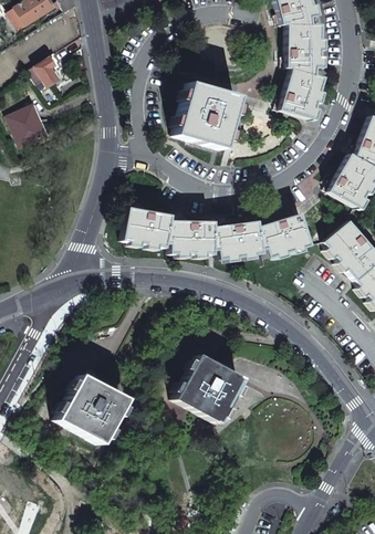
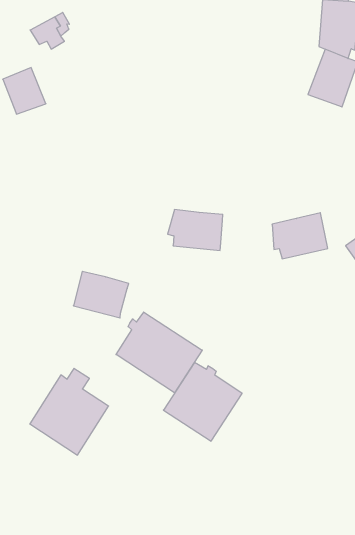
building: [175,83,238,148] -> none
building: [124,208,171,247] -> [73,271,129,318]
building: [213,221,262,259] -> none
building: none -> [116,312,202,393]

